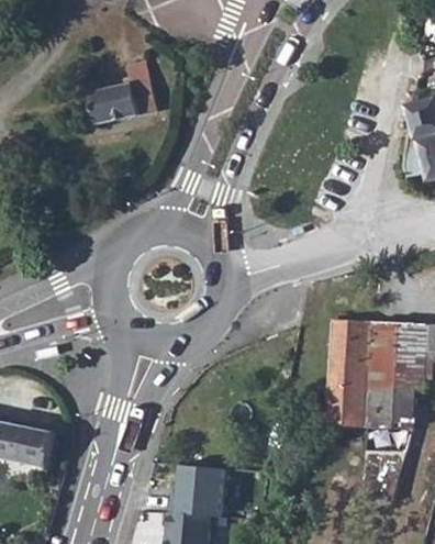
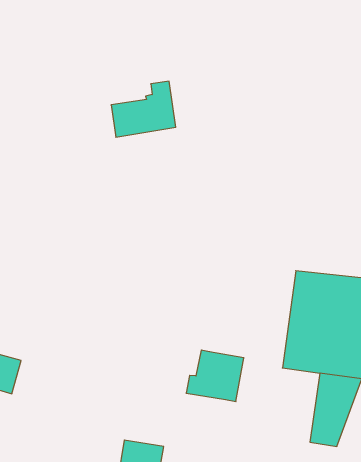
building: [88,65,157,127] -> [111,81,176,137]
building: [169,460,226,511] -> [186,350,244,402]

